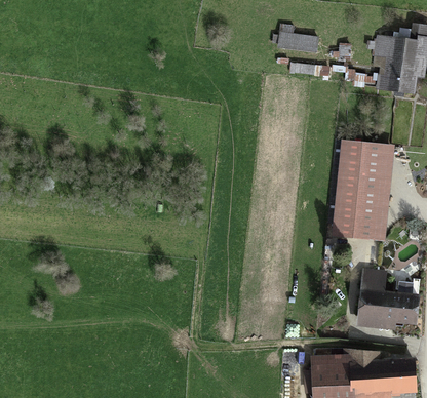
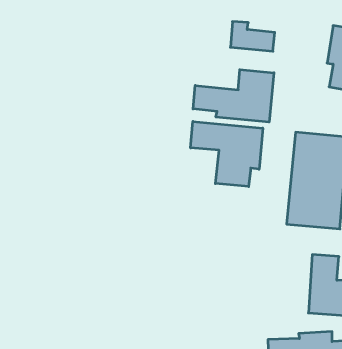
building: none -> [193,70,274,122]
building: none -> [191,121,263,187]

